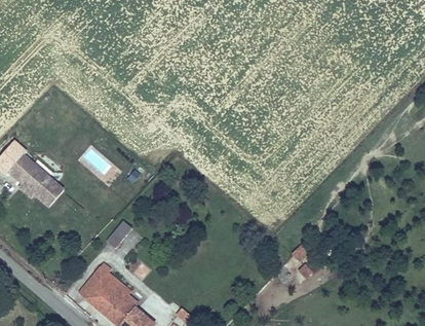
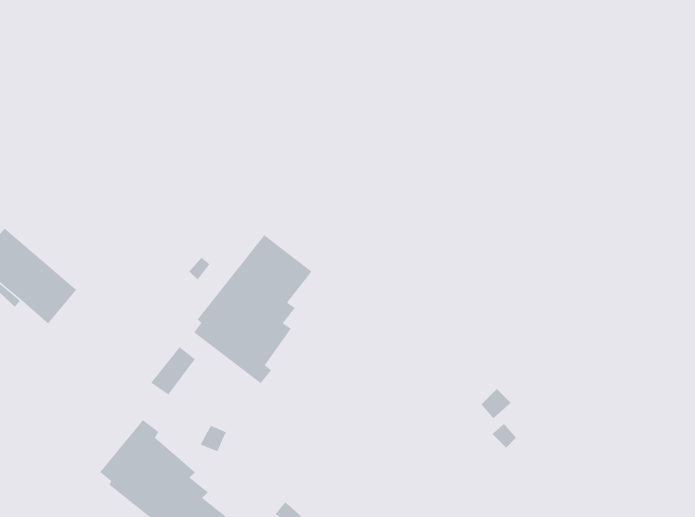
building: none -> [193,234,313,384]

